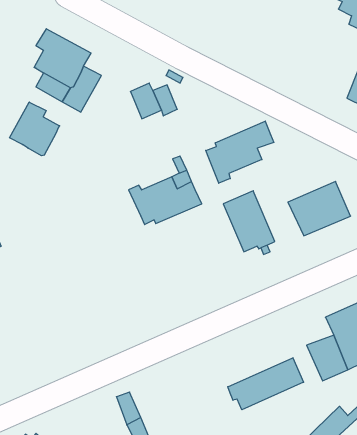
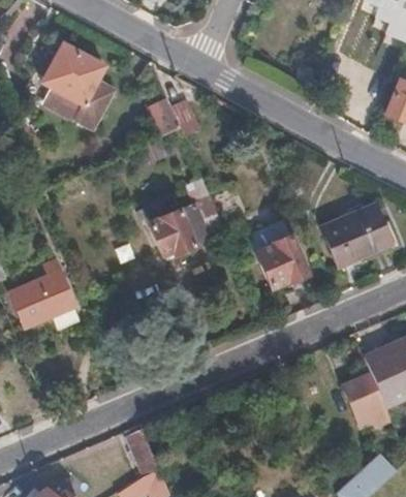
building: [10,102,60,156] -> none
building: [206,121,274,183] -> none
building: none -> [9,259,76,327]
building: [228,358,304,410] -> none

